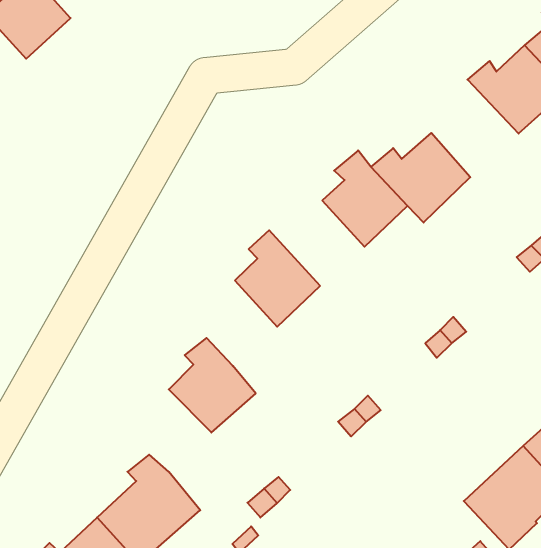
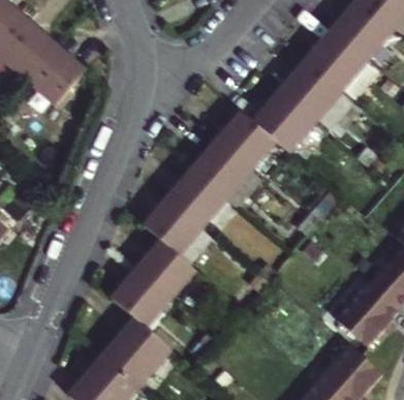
building: none -> [27,50,85,103]
building: none -> [286,58,341,119]
building: none -> [192,145,253,198]
building: none -> [143,202,205,255]
building: none -> [111,275,172,327]

